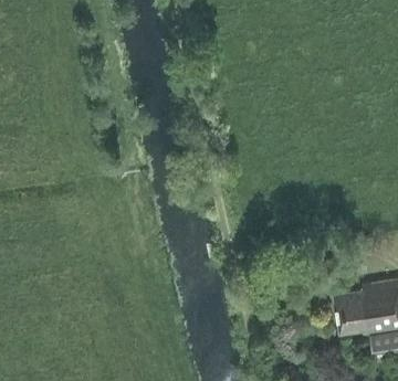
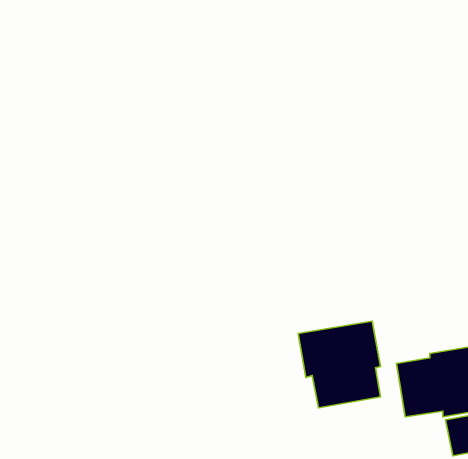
building: none -> [298,321,380,408]

